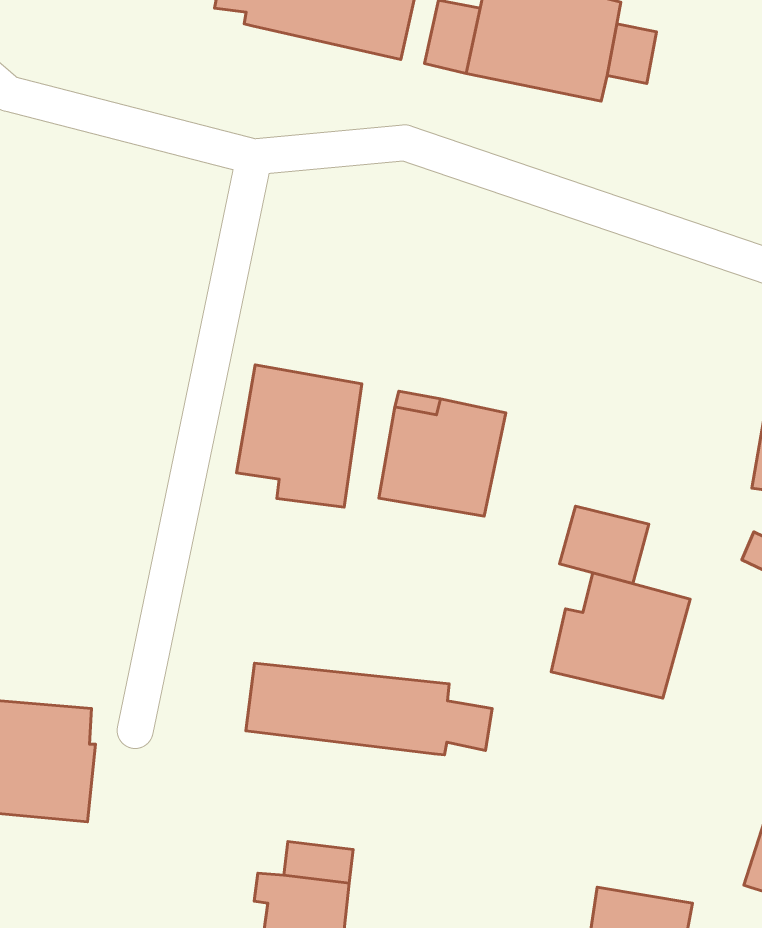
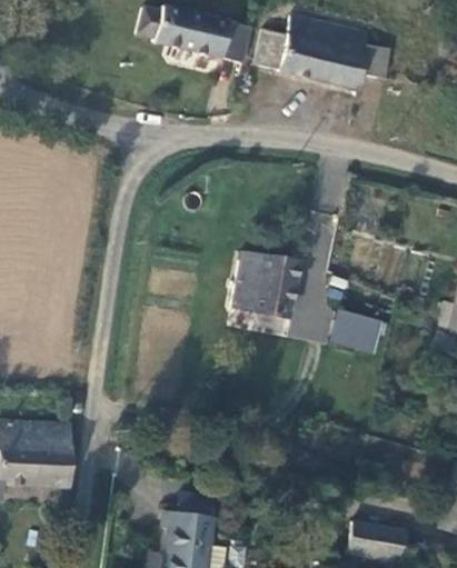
building: [236,365,362,507] -> none
building: [551,573,690,698] -> none
building: [246,663,492,755] -> none

